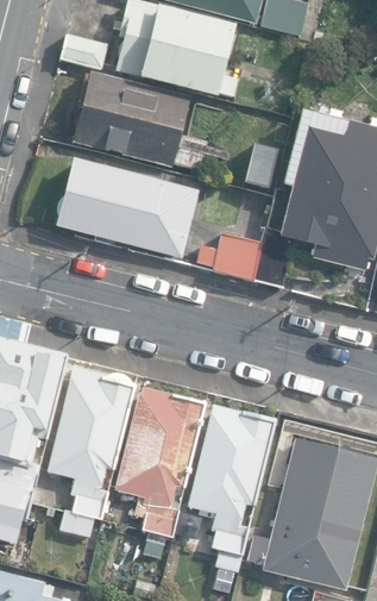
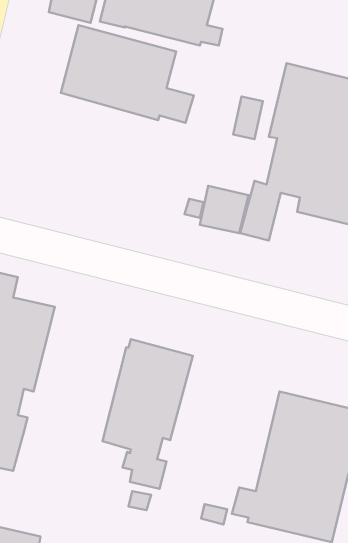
building: [54,156,196,255] -> none
building: [48,367,133,538] -> none
building: [189,403,275,555] -> none

